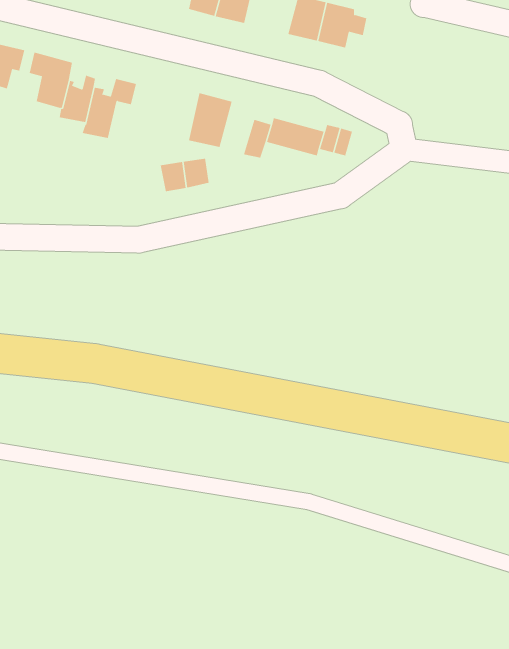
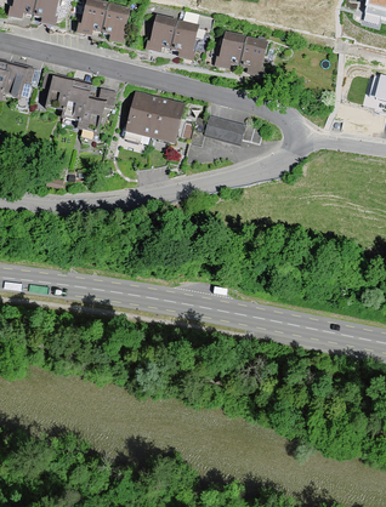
building: none -> [127,95,158,136]

